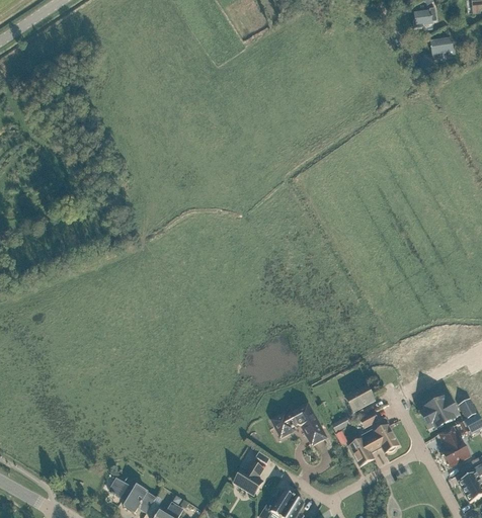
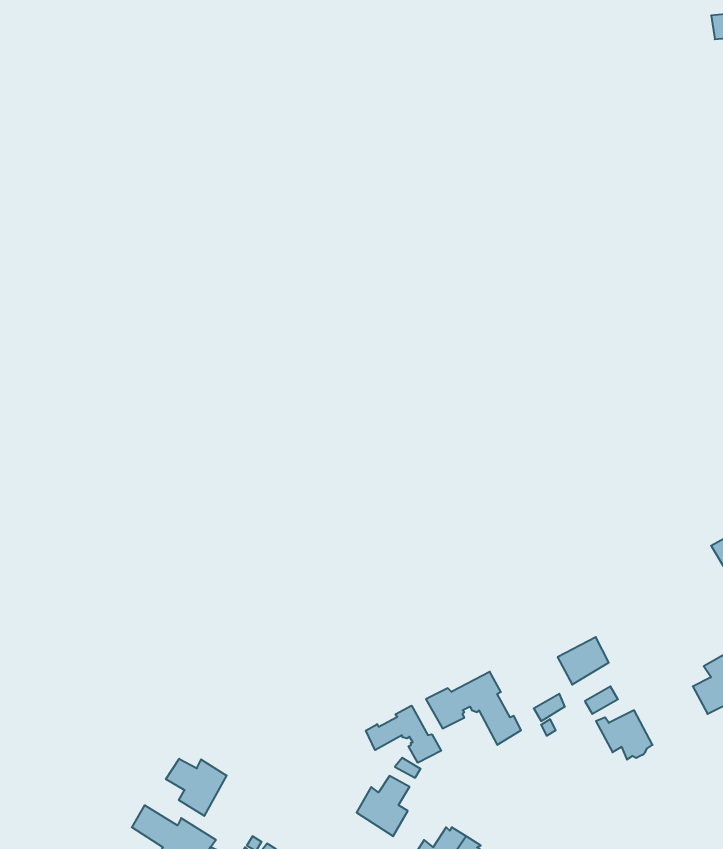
building: none -> [366,706,441,763]
building: [348,431,376,465] -> none
building: none -> [166,759,227,816]

